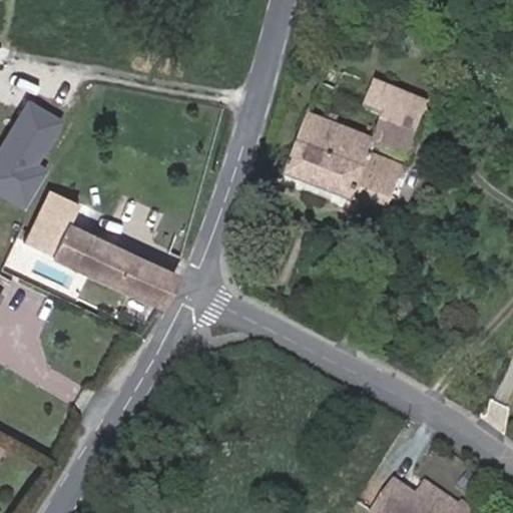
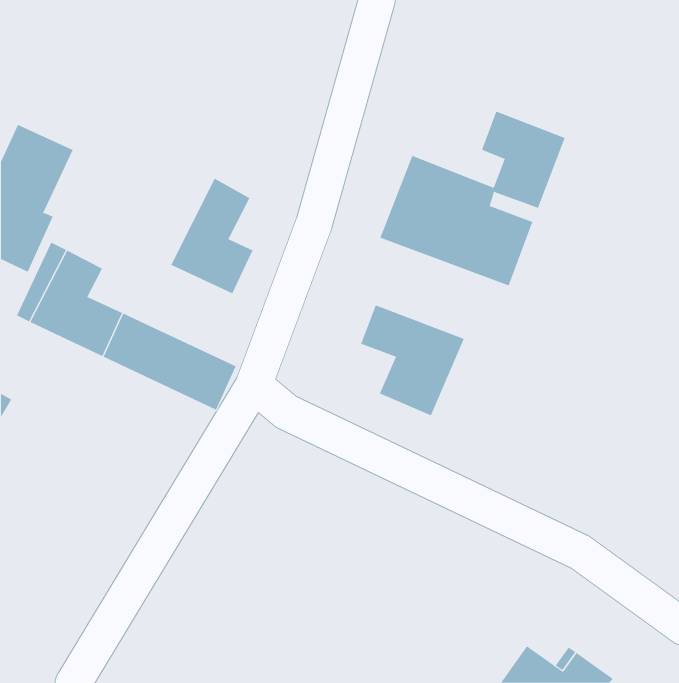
building: none -> [170,178,253,294]
building: none -> [360,305,465,416]

